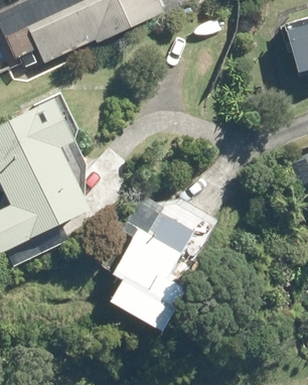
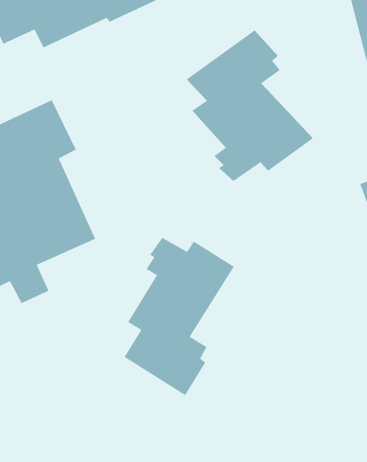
building: none -> [186,30,314,182]

